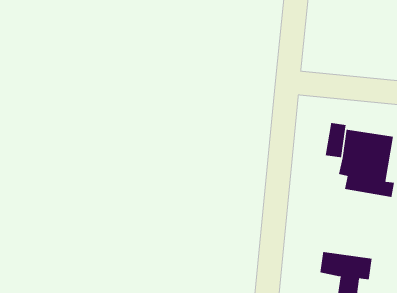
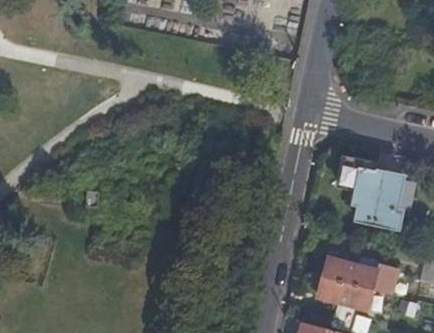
building: none -> [325,256,393,292]

